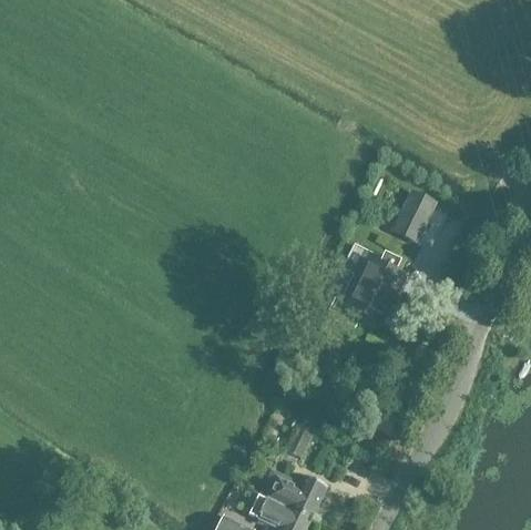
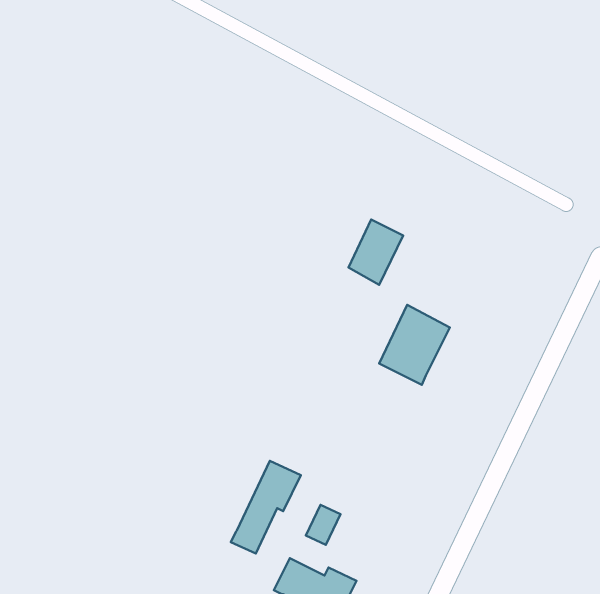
building: [389,187,435,242] -> [348,219,403,285]
building: none -> [231,461,301,554]

